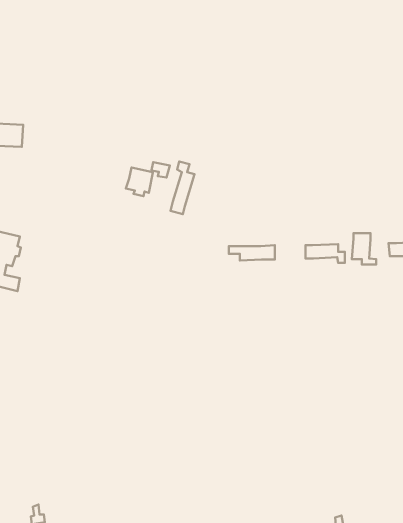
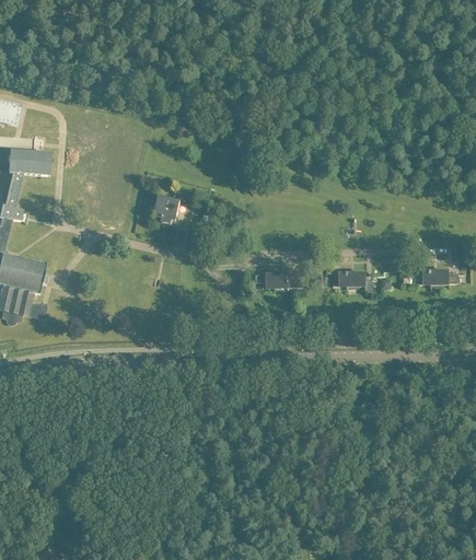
building: [170,161,194,214] -> none
building: [352,233,376,264] -> none

